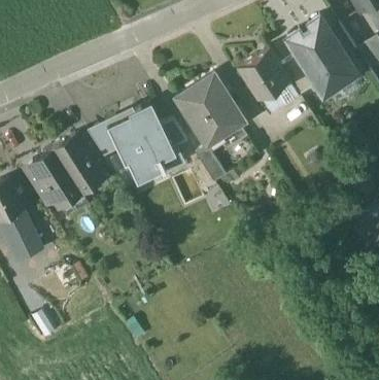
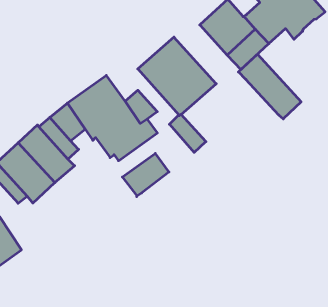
building: none -> [238,54,301,119]
building: none -> [122,153,169,197]

